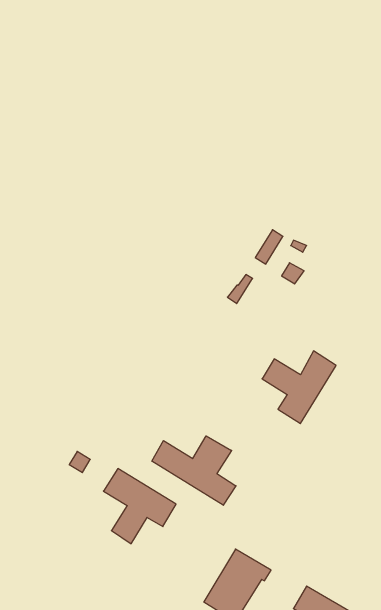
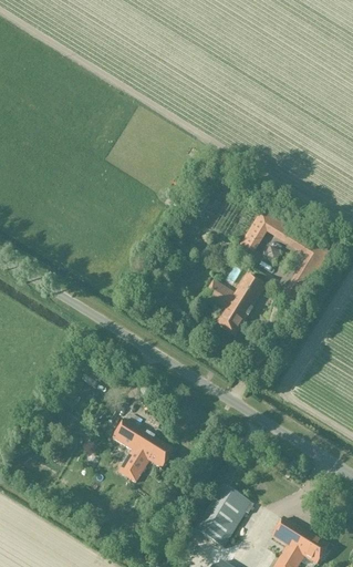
building: [262,351,336,424] -> [204,274,266,334]
building: [152,436,236,505] -> none

